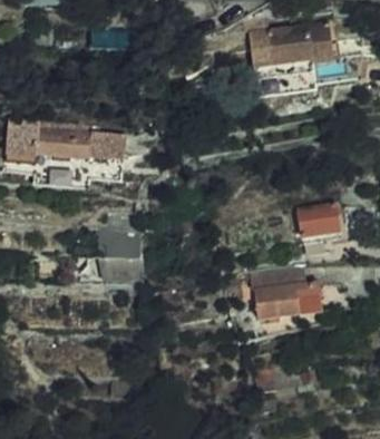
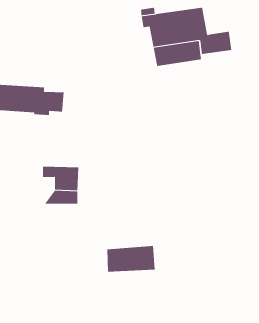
building: [300,196,341,232] -> none
building: [262,275,325,310] -> [106,246,155,272]

